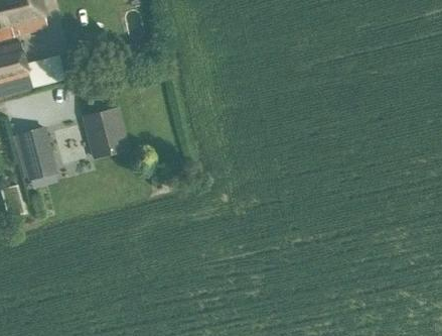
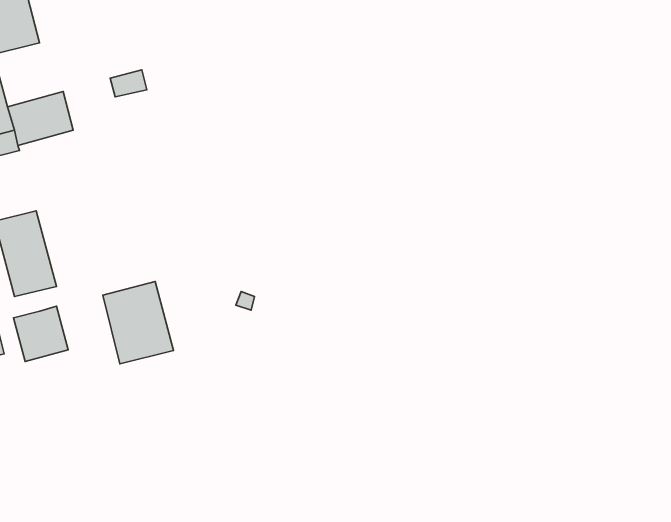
building: [85,107,127,156] -> [103,282,173,364]
building: none -> [13,306,68,362]

